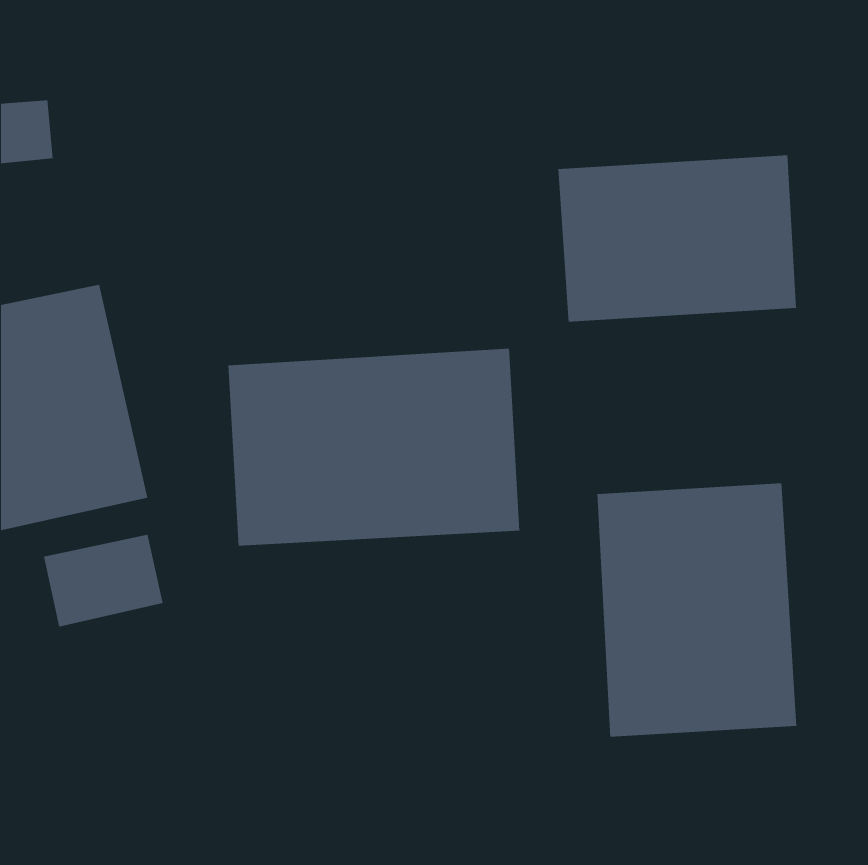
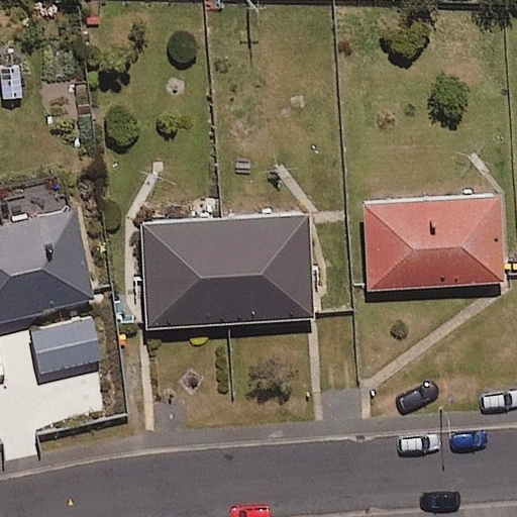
building: [557,155,797,322] -> [363,195,503,293]
building: [597,483,797,738] -> none

